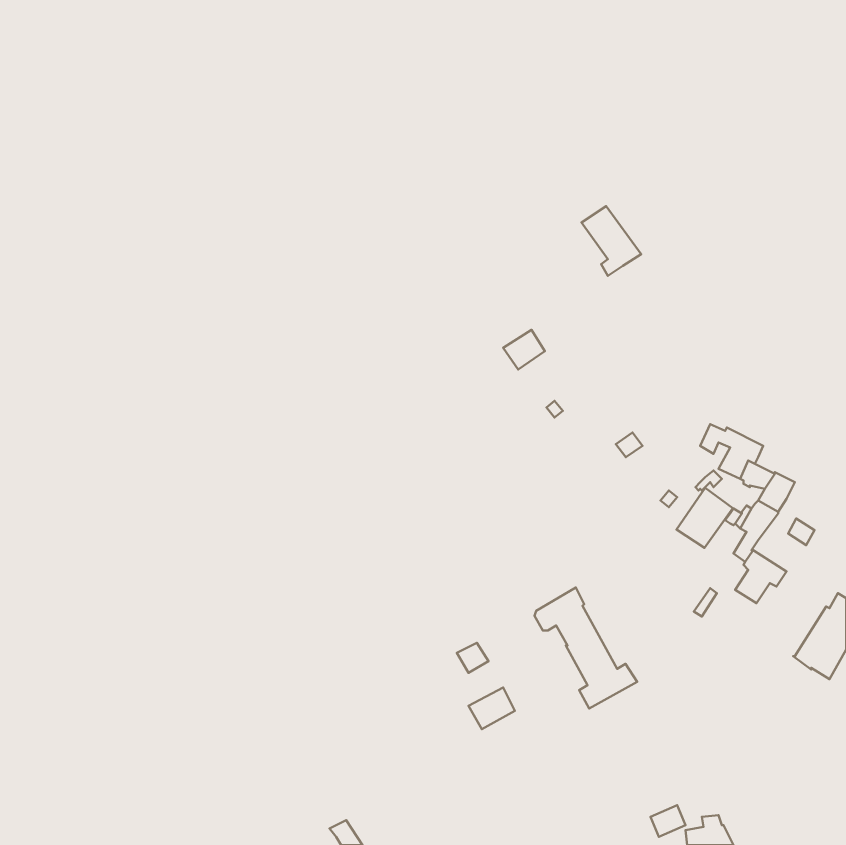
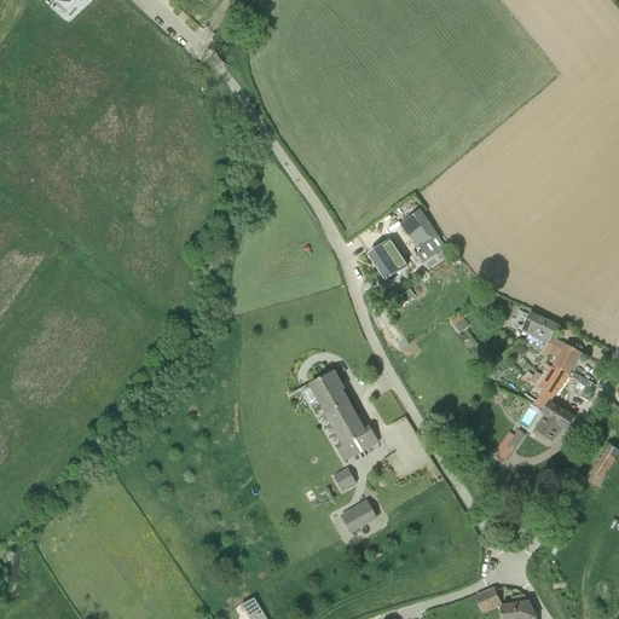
building: [581,206,641,276] -> [403,213,446,264]
building: [677,488,733,548] -> none
building: [534,588,637,708] -> [303,371,378,459]

